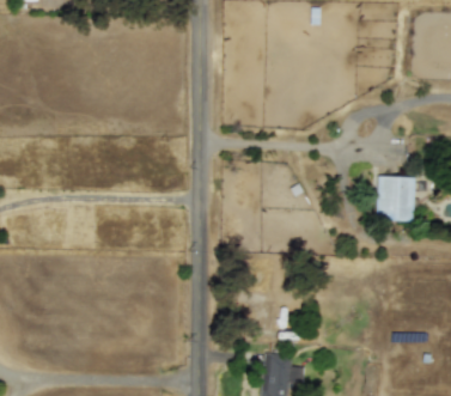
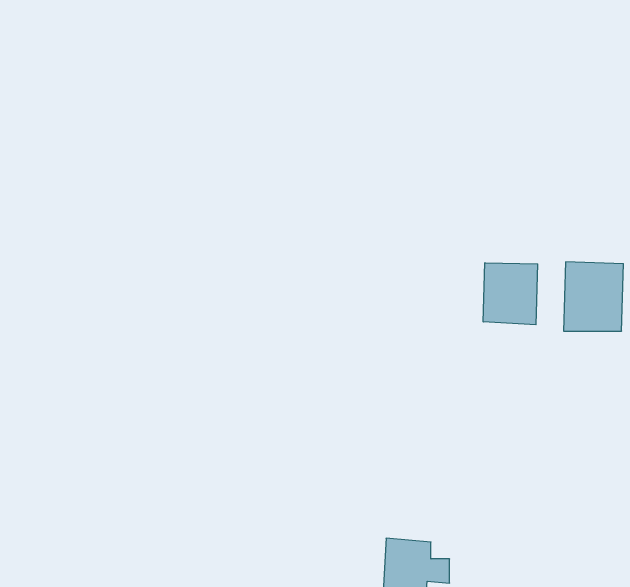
building: none -> [483,263,538,325]

